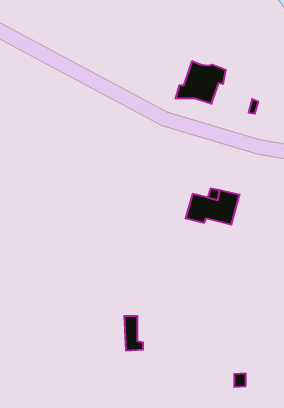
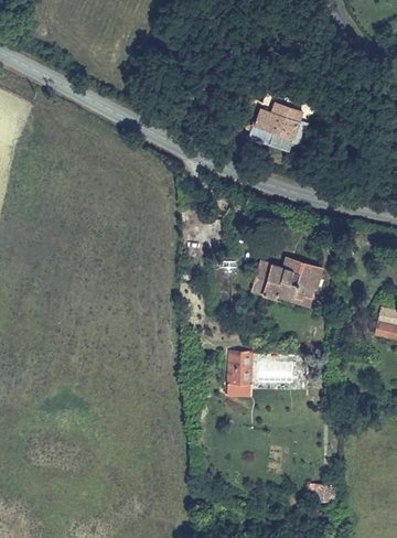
building: [124,316,143,351] -> [232,356,255,398]

